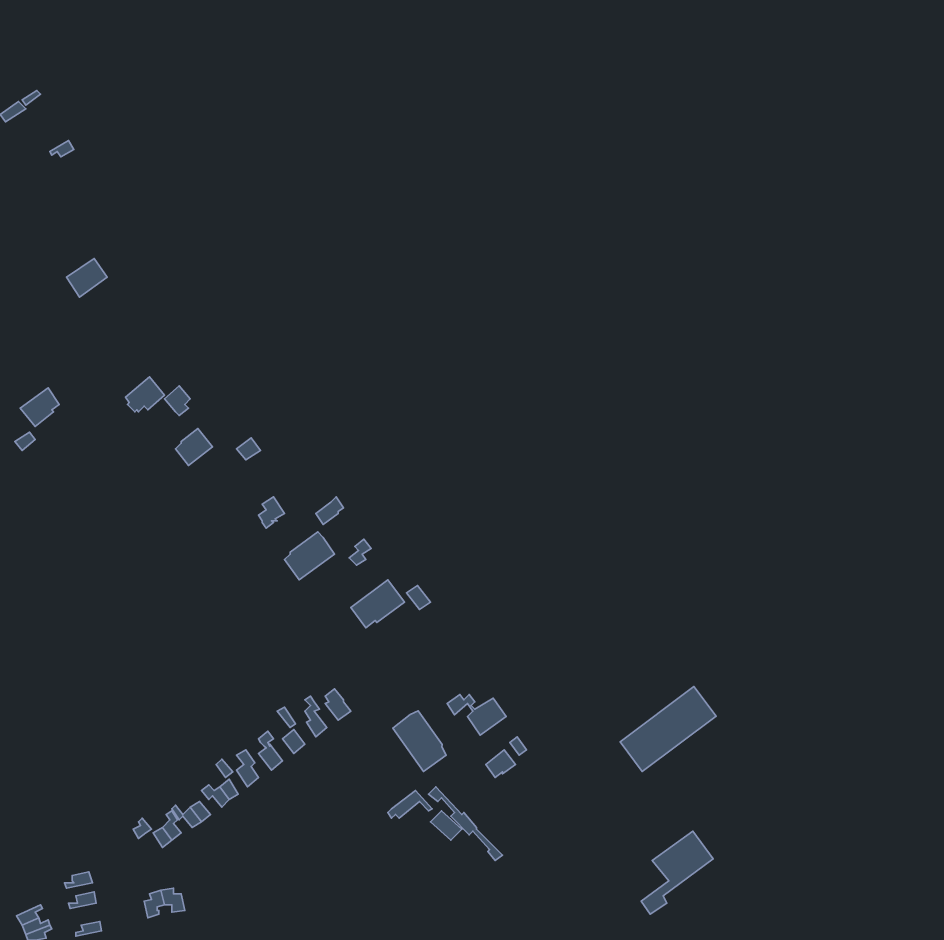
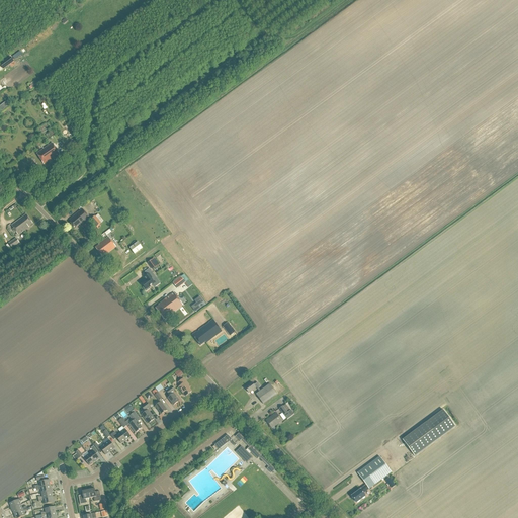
building: [620,687,716,772] -> [403,408,455,454]
building: [393,711,446,771] -> none

